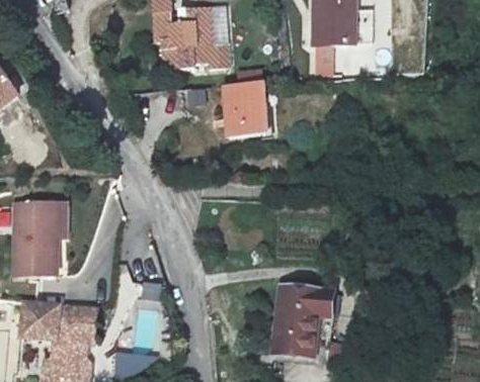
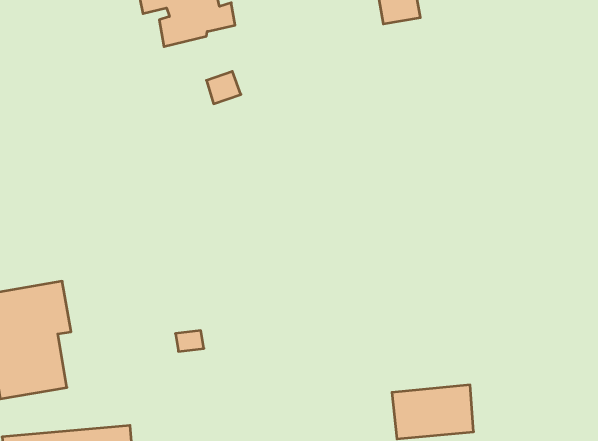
building: [223,75,264,126] -> none
building: [273,282,330,321] -> none

